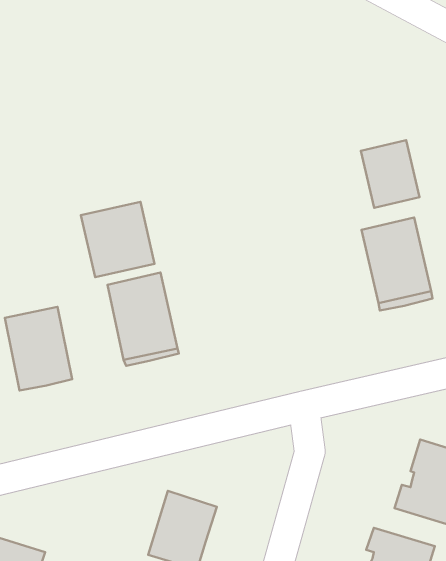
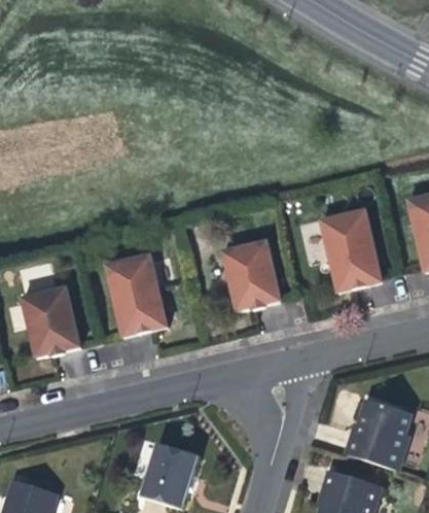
building: [361,140,419,208] -> none
building: [81,202,154,277] -> none
building: none -> [219,240,277,311]

